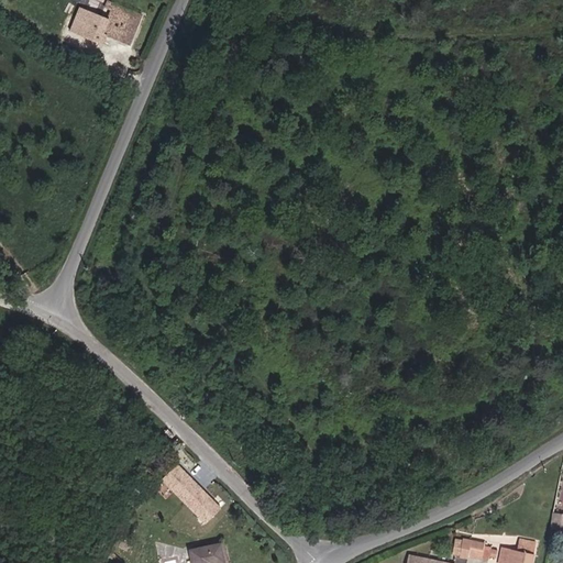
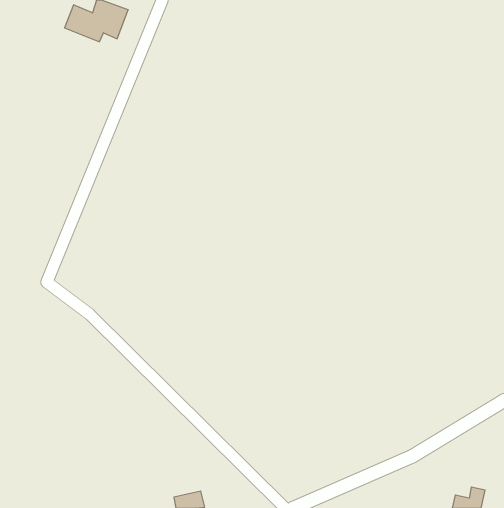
building: [158,465,218,522] -> none
building: [461,538,490,558] -> none

